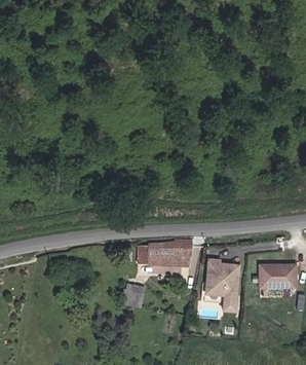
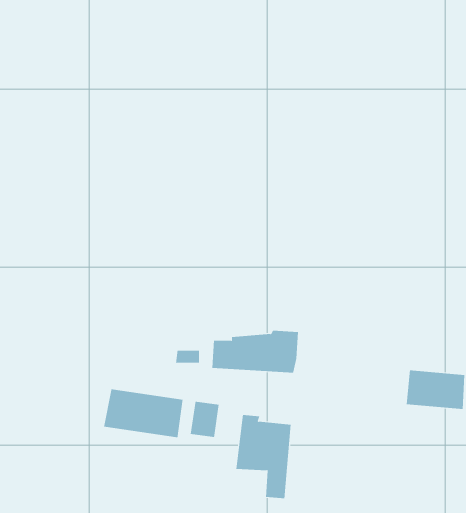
building: [206,259,241,312] -> [236,415,292,499]
building: none -> [104,388,183,438]

